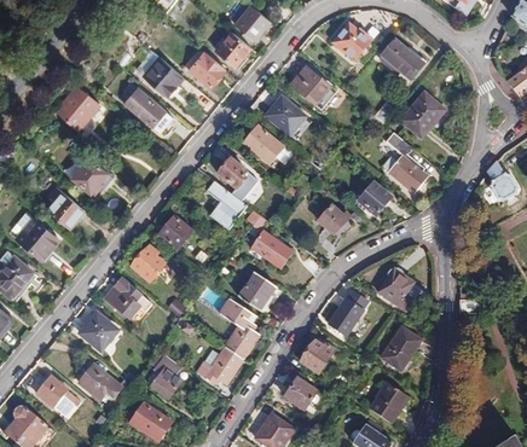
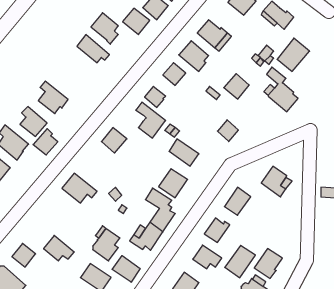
building: [56,85,99,128] -> none
building: [357,181,392,216] -> [224,74,249,99]
building: [131,245,164,281] -> [33,129,58,155]
building: [77,313,117,350] -> none
building: [380,326,422,371] -> [225,245,255,278]
building: none -> [112,256,140,282]

